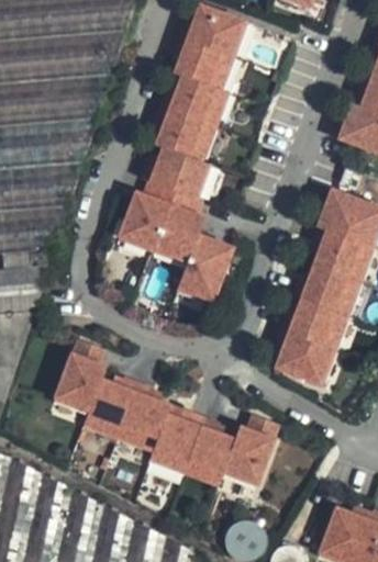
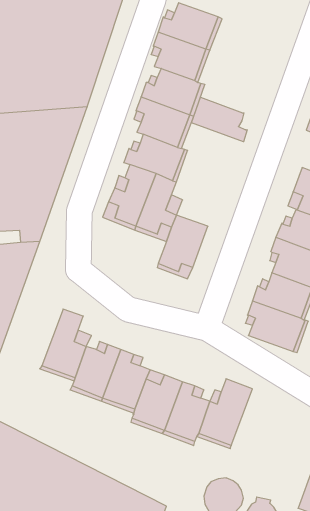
building: none -> [191,97,247,142]

